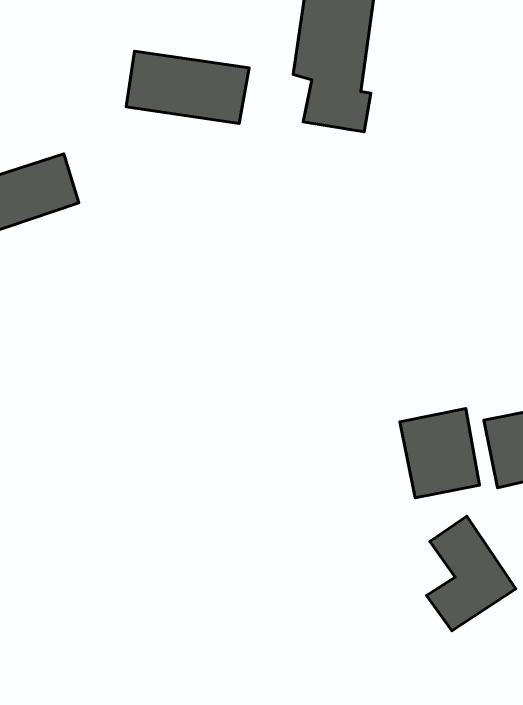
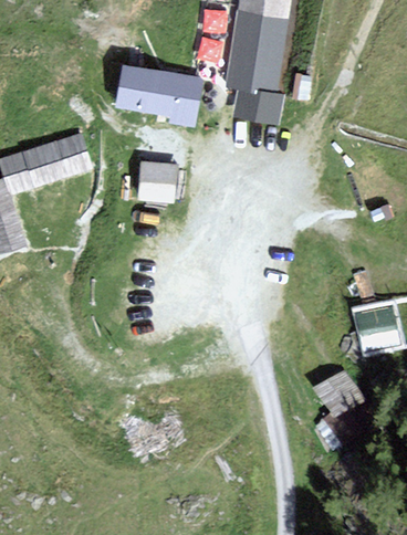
building: none -> [138,162,174,198]
building: [400,408,480,498] -> none

